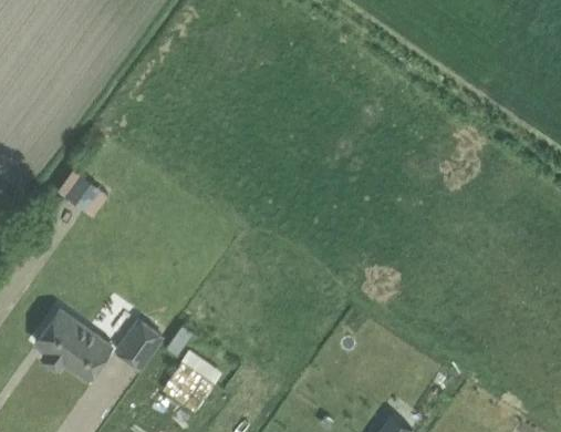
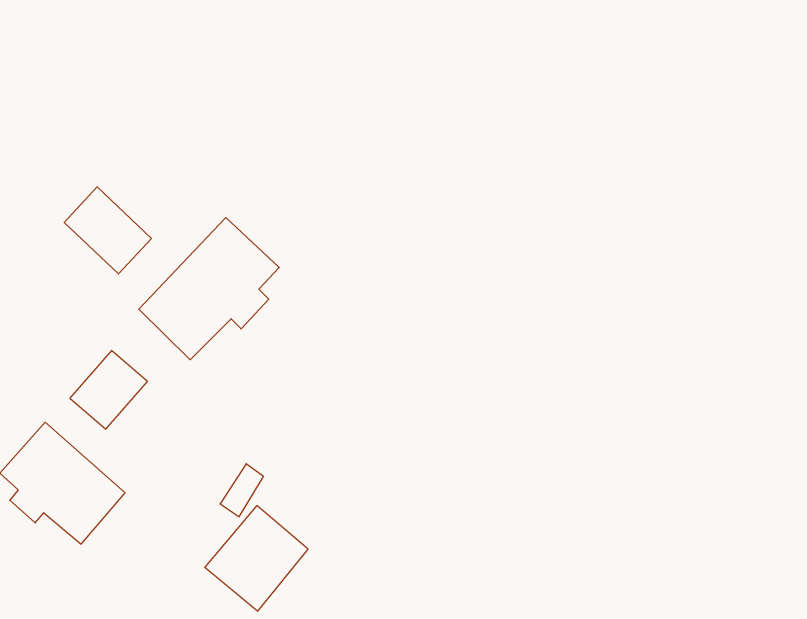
building: none -> [139,218,279,360]
building: [117,321,163,369] -> [70,350,147,429]

